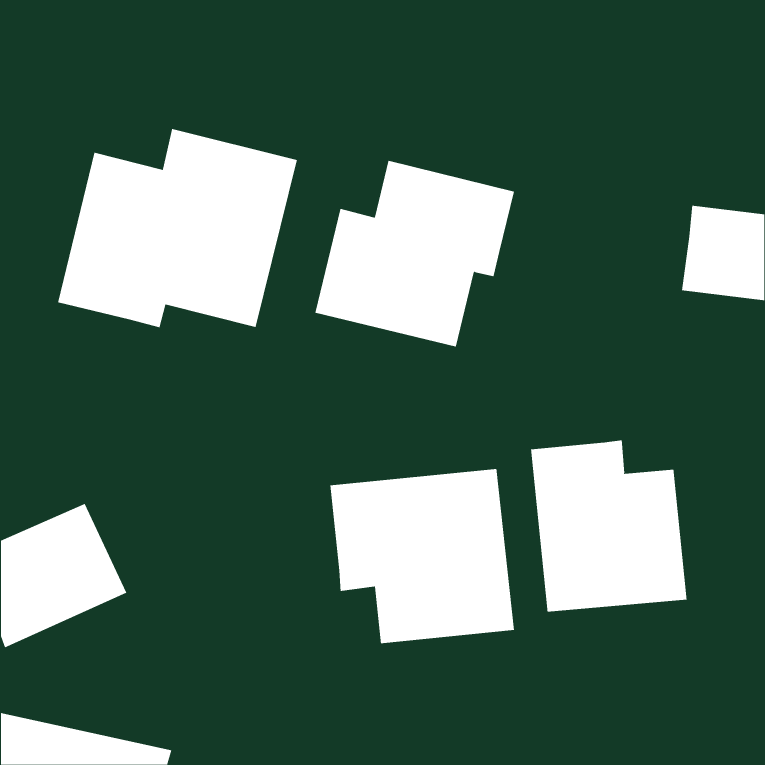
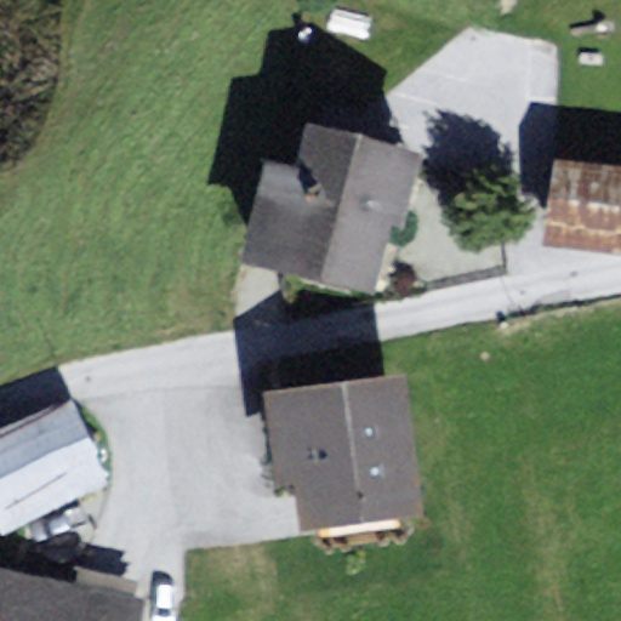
building: [57,128,298,328] -> none
building: [530,440,687,612] -> none

